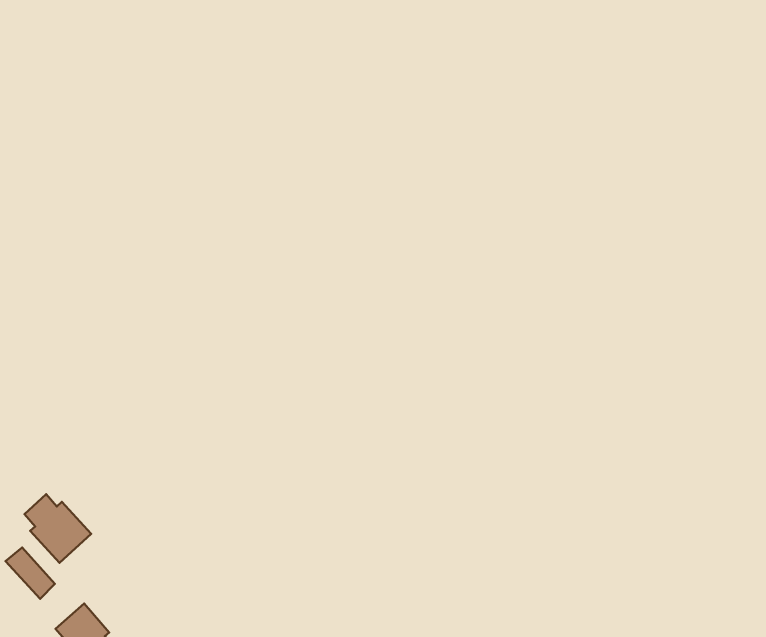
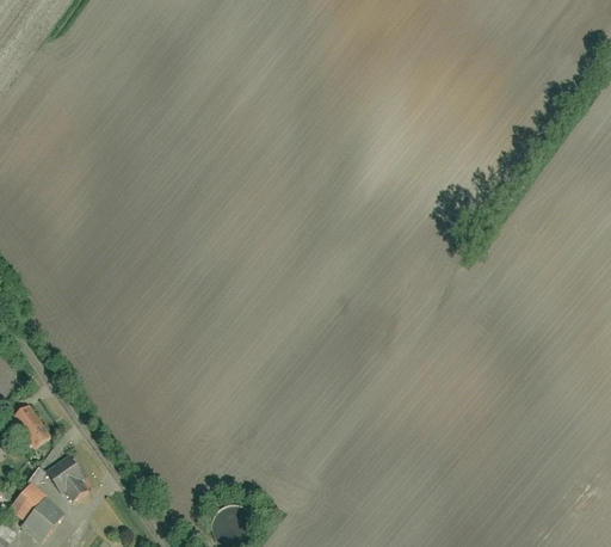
building: [24,494,91,563] -> none

